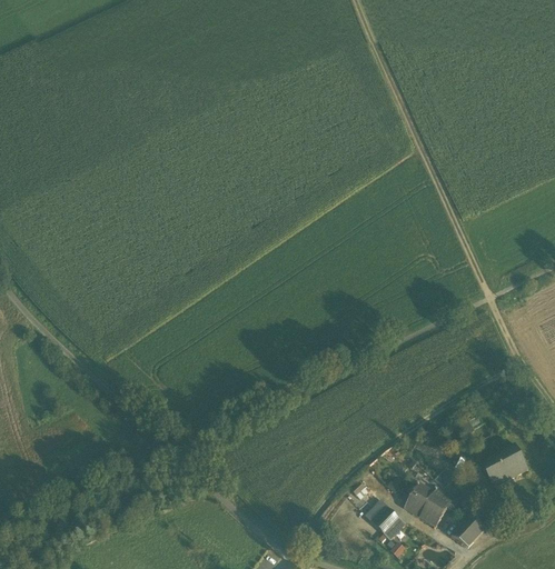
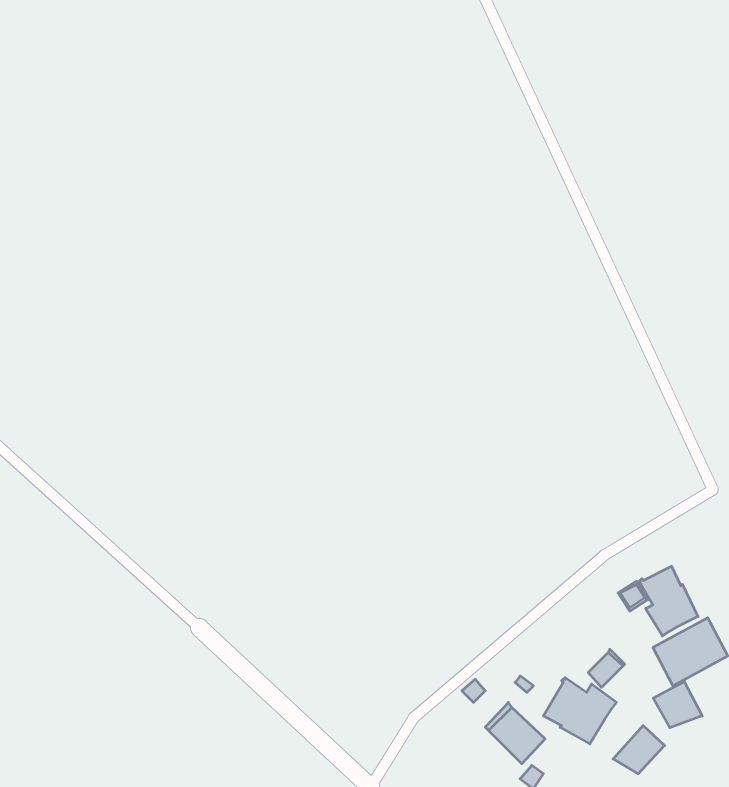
building: none -> [639,566,698,636]
building: none -> [653,681,702,728]

